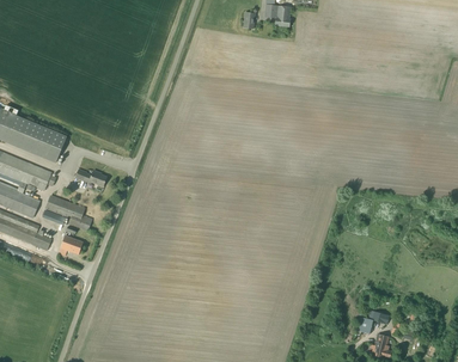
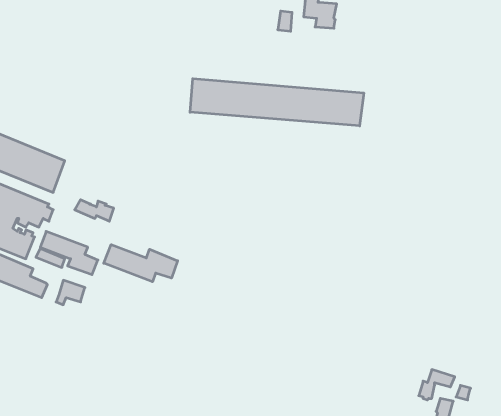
building: none -> [190,79,364,126]
building: none -> [104,245,178,282]

